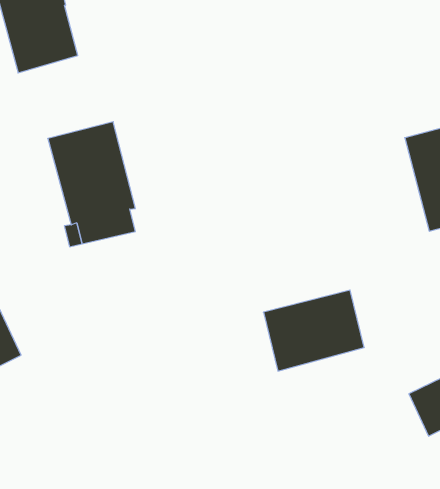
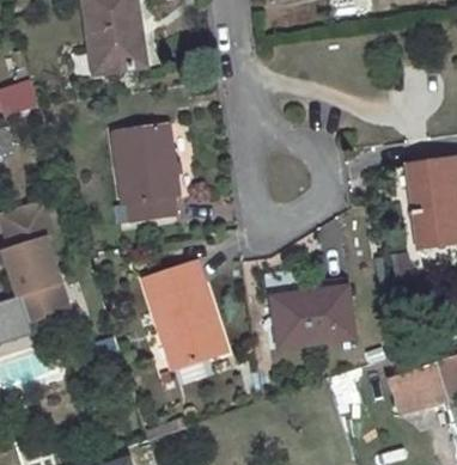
building: none -> [145,263,226,366]

